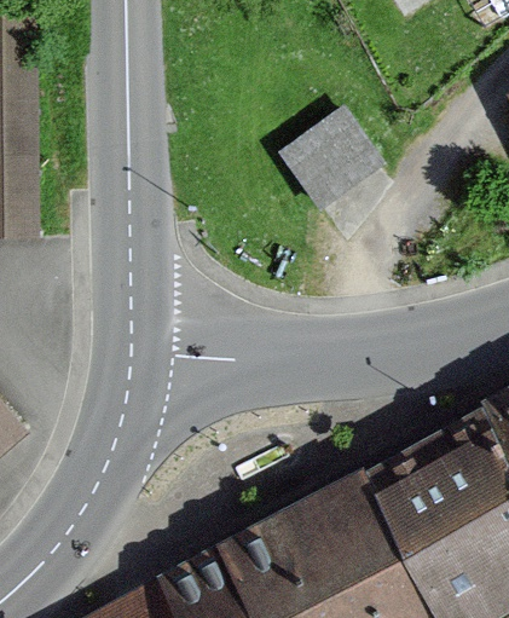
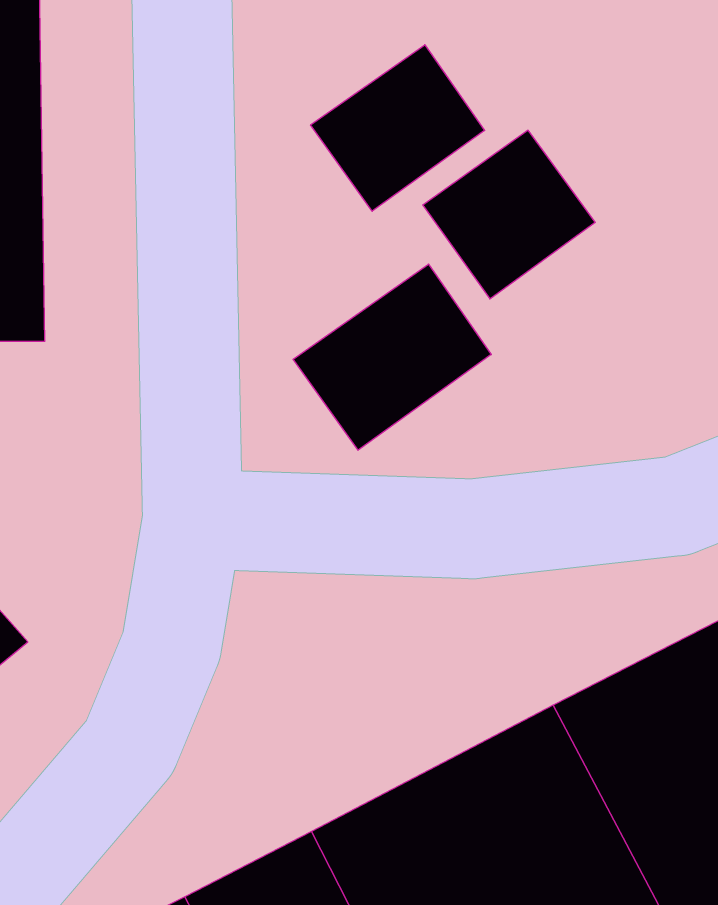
building: none -> [311,45,485,211]
building: none -> [293,264,491,450]

